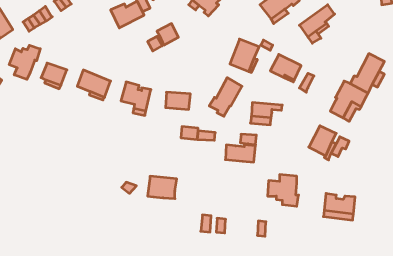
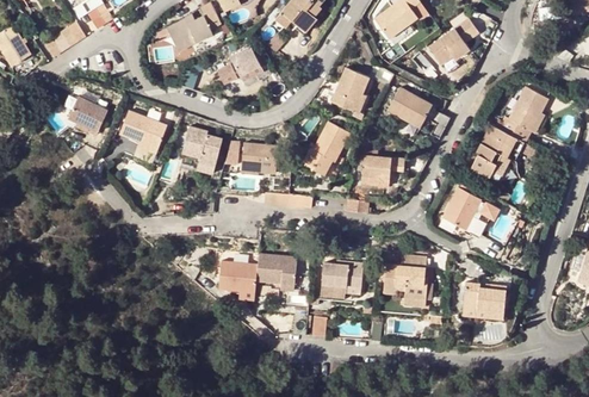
building: [9,45,40,79] -> none
building: [225,145,255,162] -> [321,263,362,287]
building: none -> [255,252,296,283]

